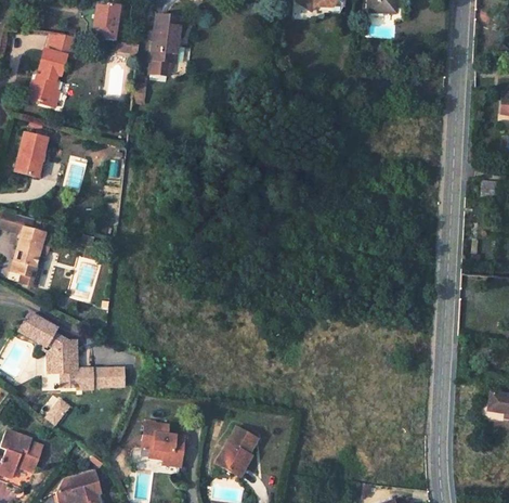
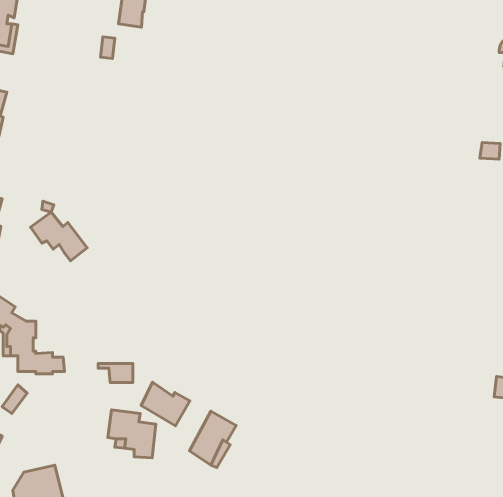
building: none -> [31,212,87,261]
building: [91,370,122,387] -> [98,363,133,383]
building: none -> [141,382,190,426]

